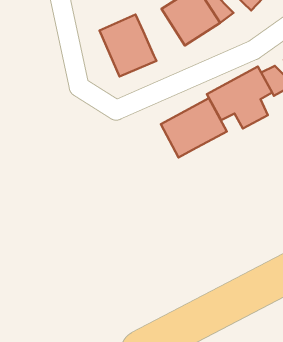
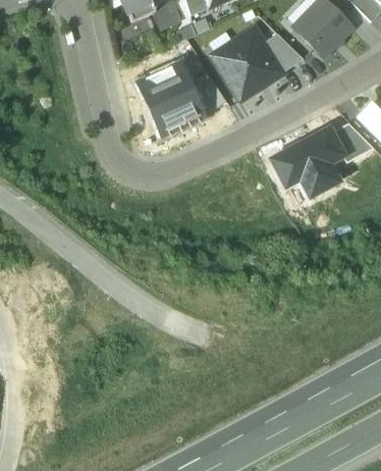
building: none -> [189,73,225,111]
building: [161,98,227,158] -> none

